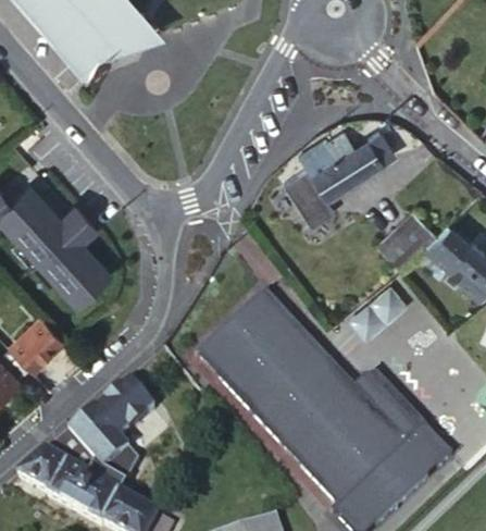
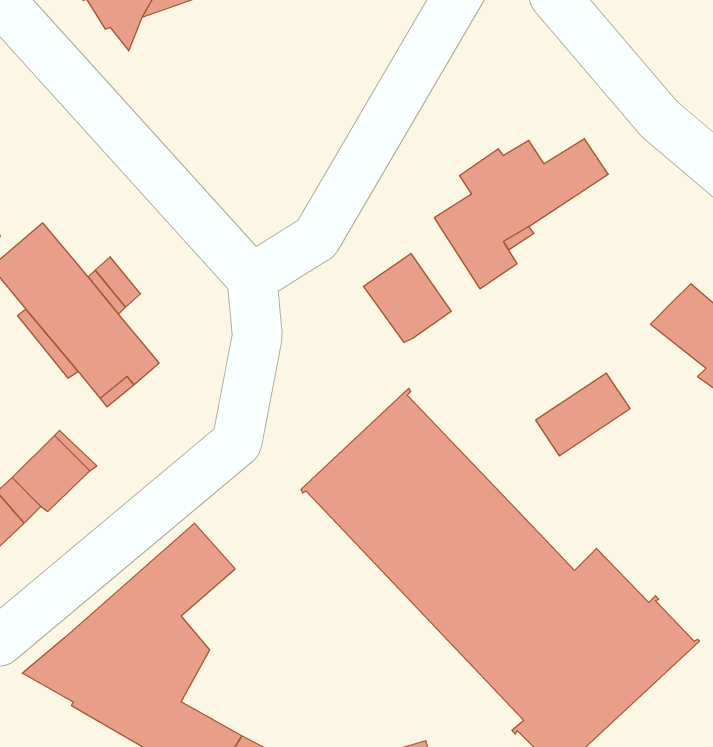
building: none -> [364,253,451,342]
building: [377,212,436,272] -> none
building: [354,371,425,430] -> none

